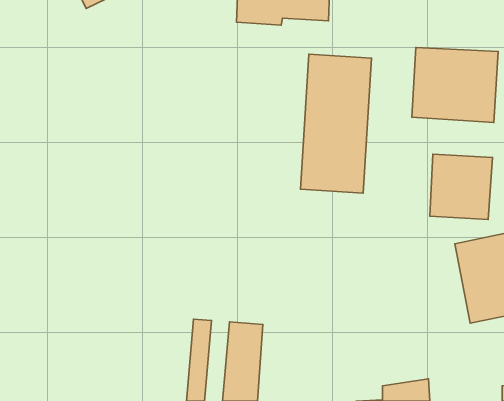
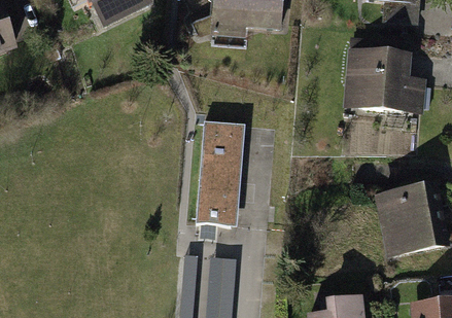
building: [300,54,371,193] -> [193,119,245,222]
building: [430,154,492,219] -> none

